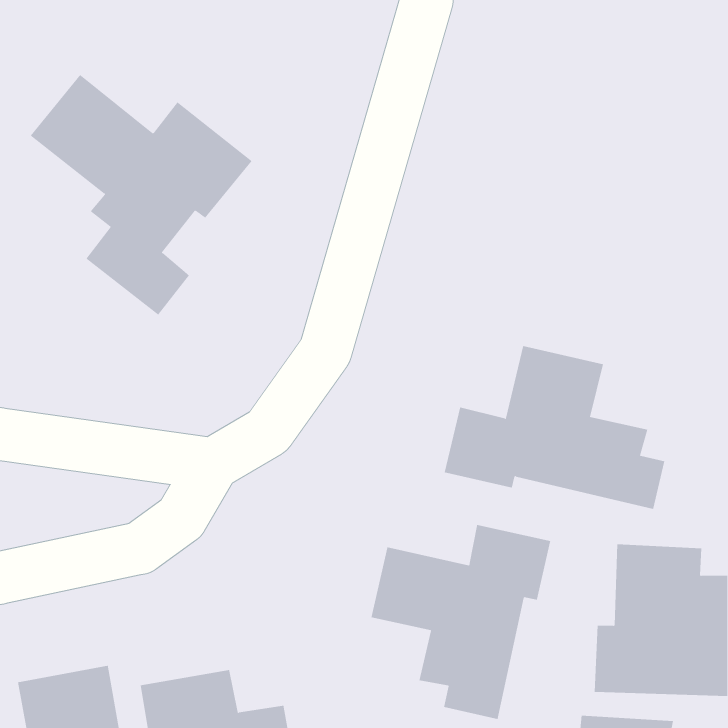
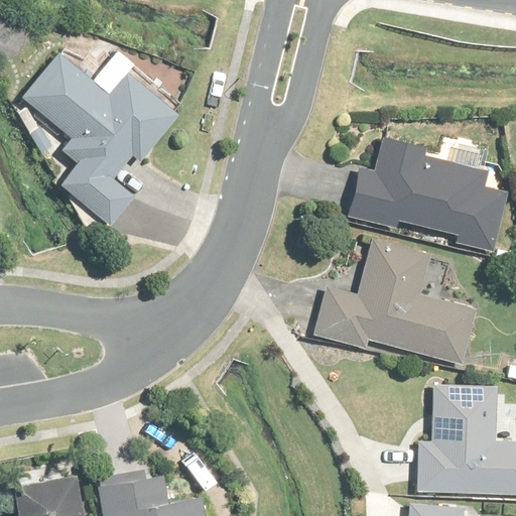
building: none -> [347,142,506,252]
building: [371,524,551,720] -> none

